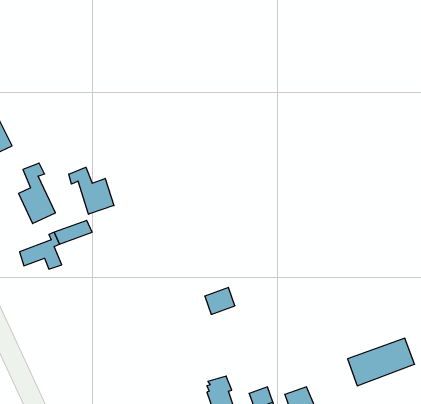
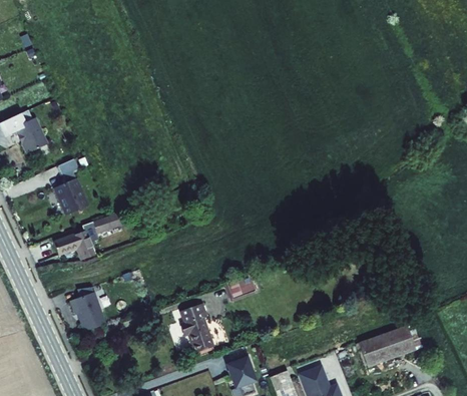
building: [69,167,114,214] -> none
building: none -> [67,293,102,332]
building: none -> [177,302,212,352]

